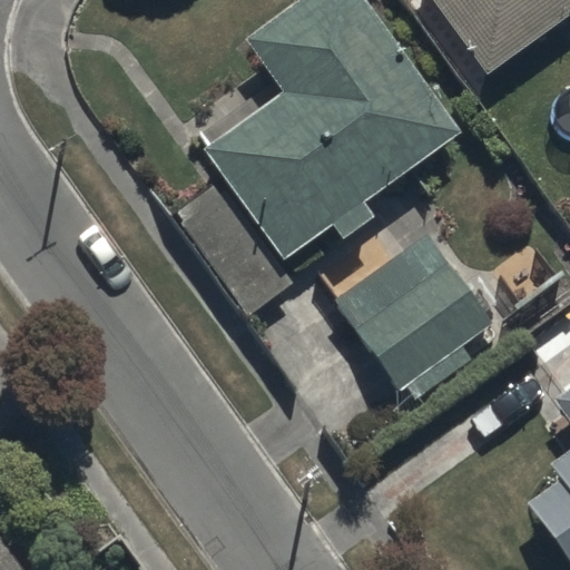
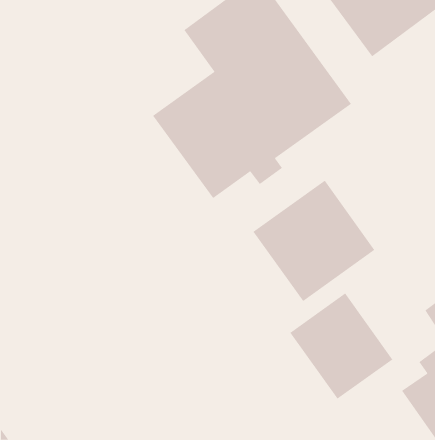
building: none -> [290,293,393,400]

